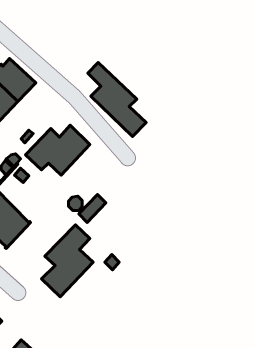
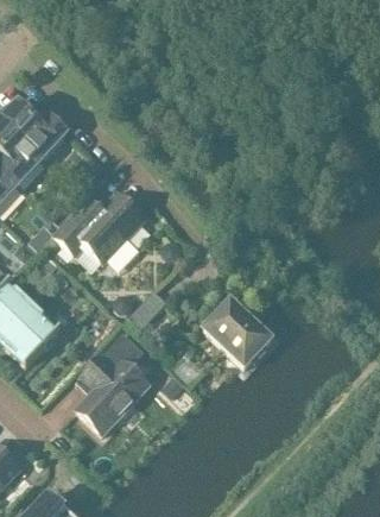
building: [88,63,146,137] -> none
building: none -> [204,298,271,365]

